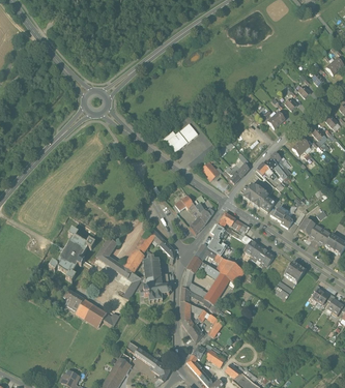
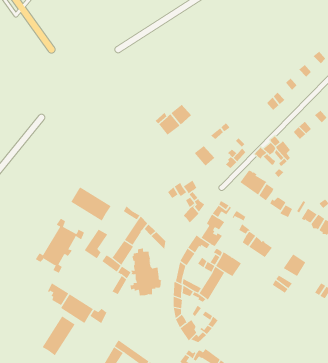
building: none -> [70,187,112,221]
building: none -> [42,316,75,356]

